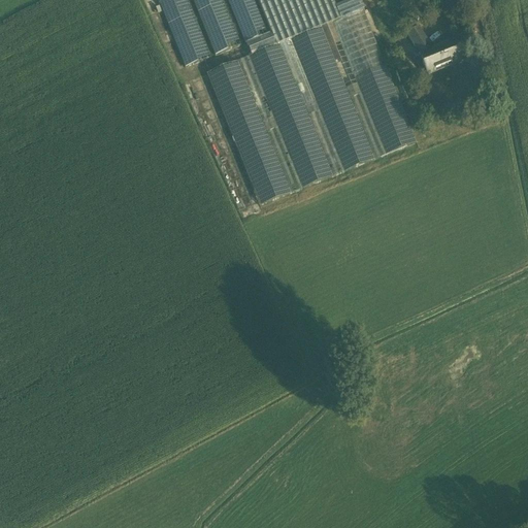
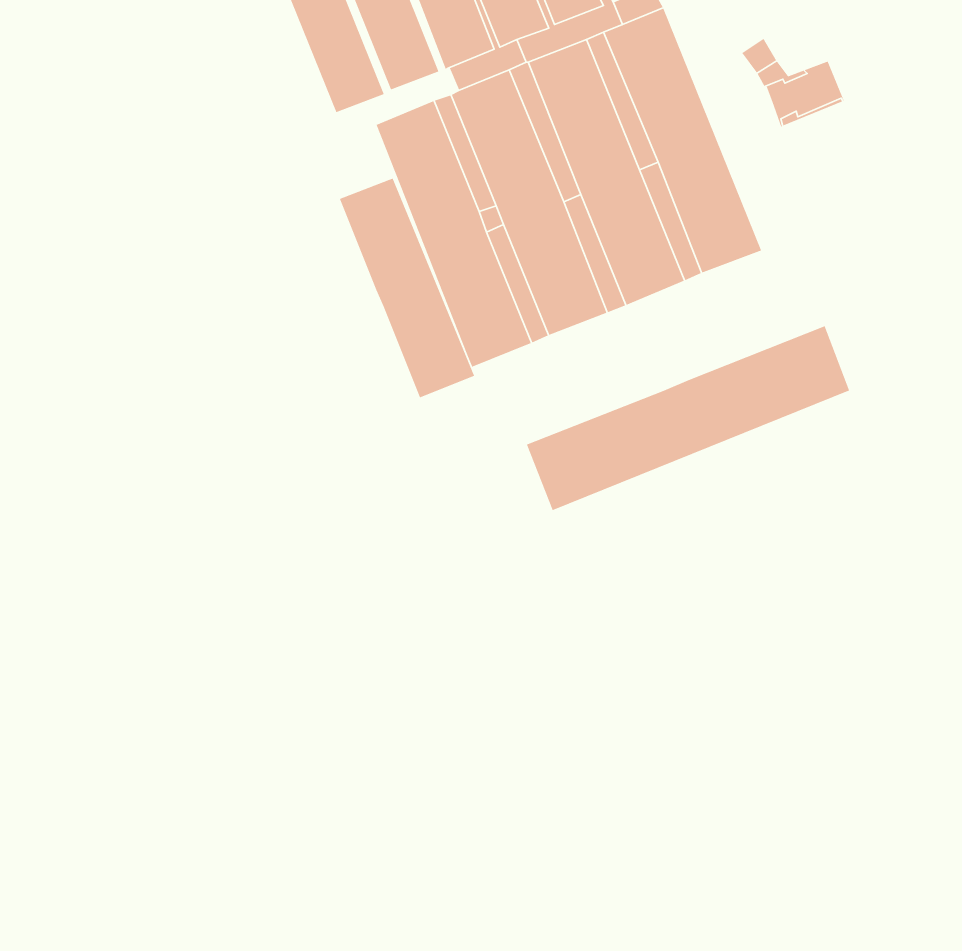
building: none -> [339,177,475,399]
building: none -> [526,325,850,511]

